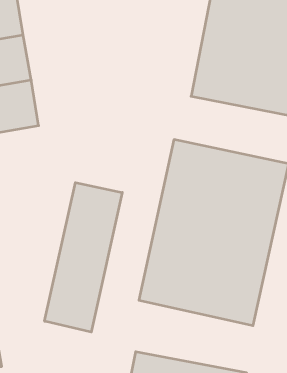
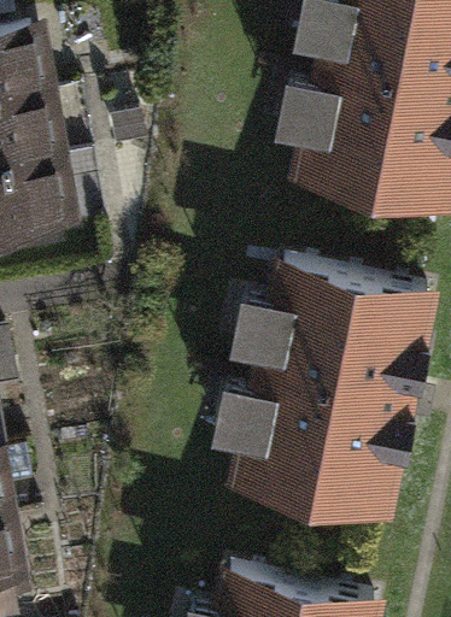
building: [45,183,122,332] -> none

